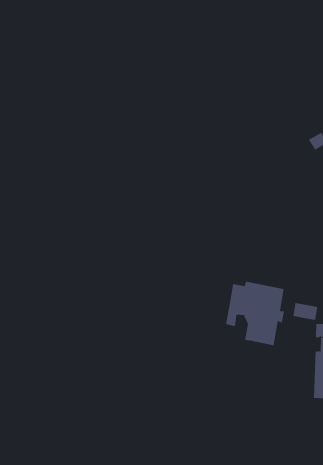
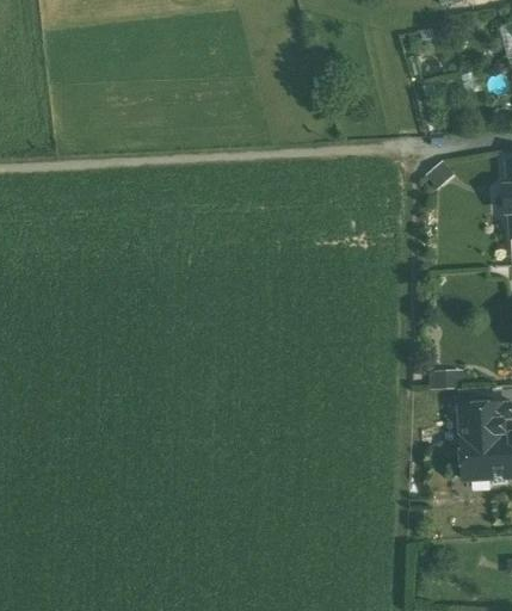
building: [226,281,285,346] -> none

